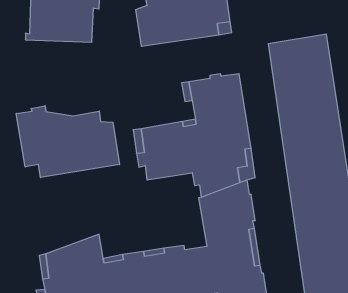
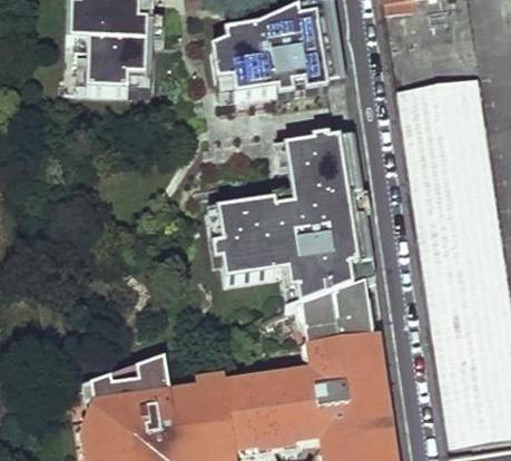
building: [16,106,119,178] -> none

